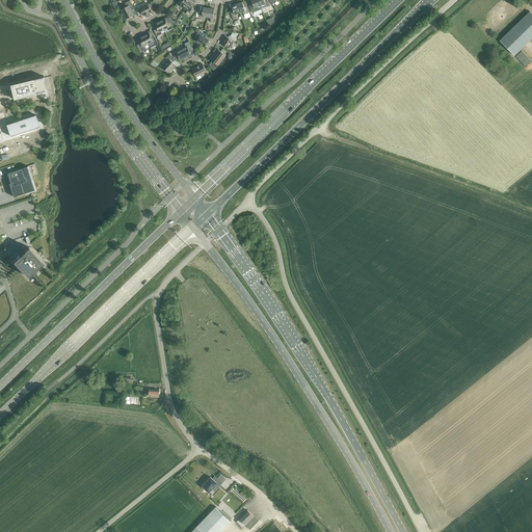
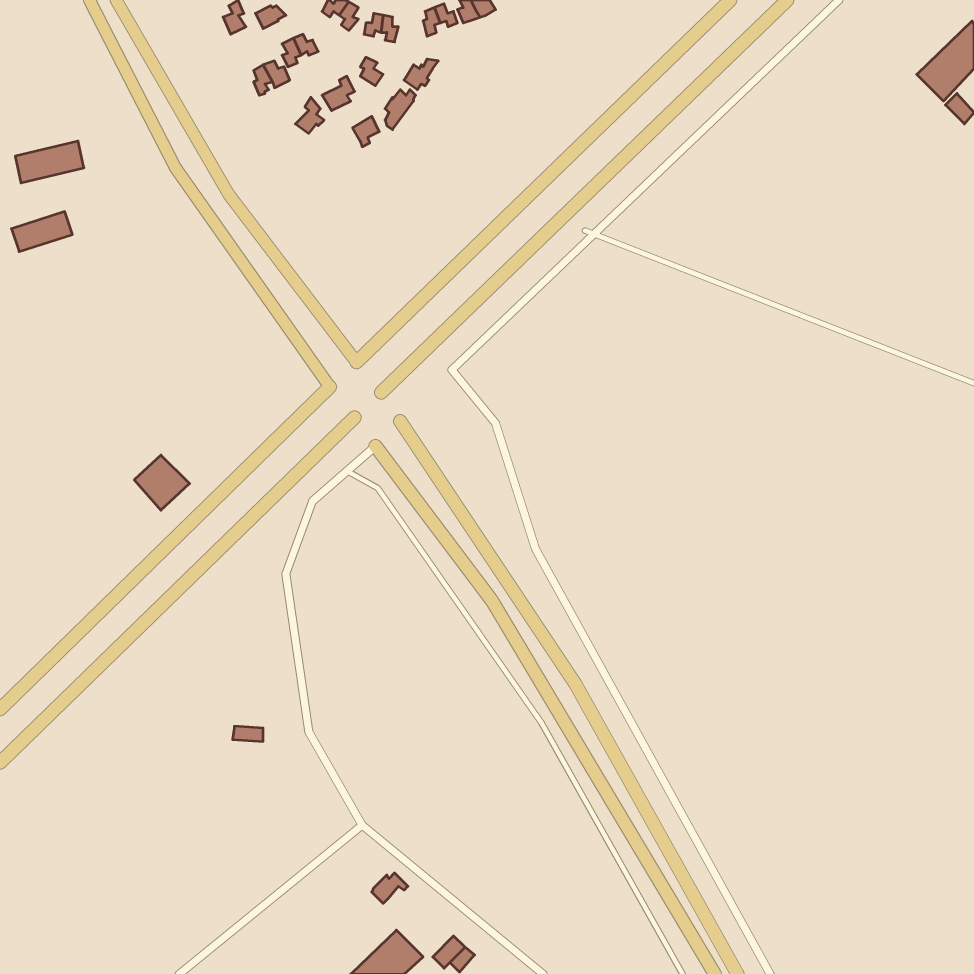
building: [7,166,34,196] -> none
building: [14,247,44,277] -> [134,455,190,510]

